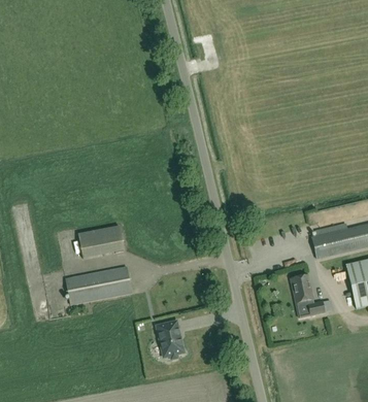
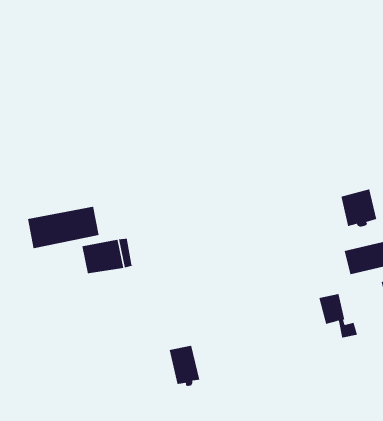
building: none -> [341,189,377,227]
building: [66,266,131,304] -> [27,206,100,249]

